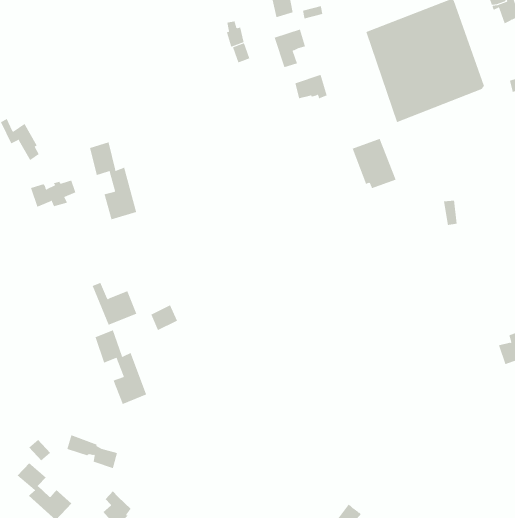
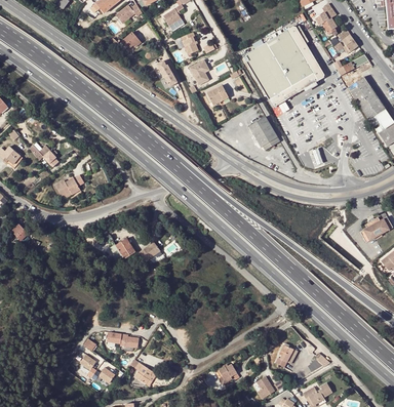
building: [90,142,137,220] -> none
building: [95,329,147,405] -> none

